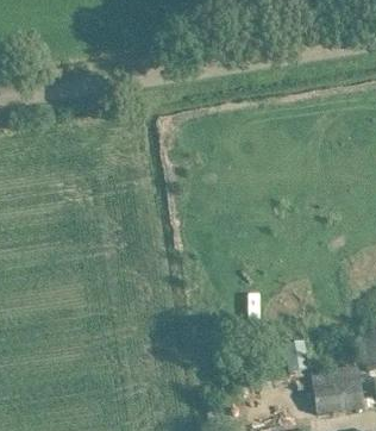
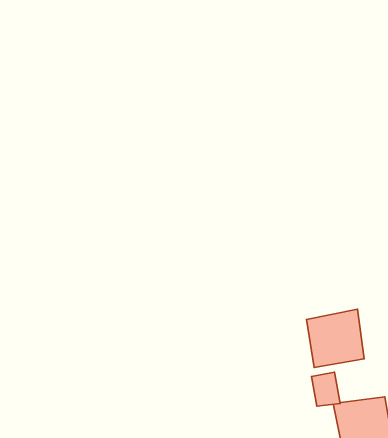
building: none -> [307,309,364,367]

